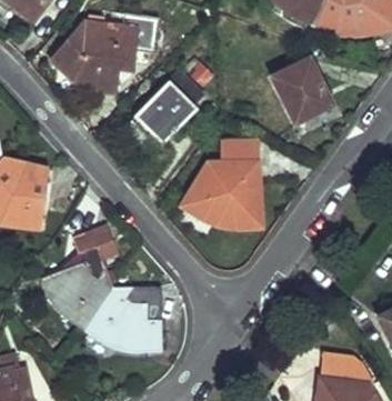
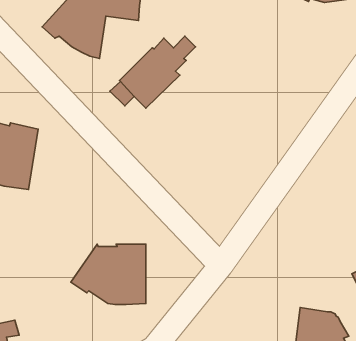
building: [273,61,332,122] -> none
building: [182,141,258,228] -> none
building: [41,247,110,328] -> none

